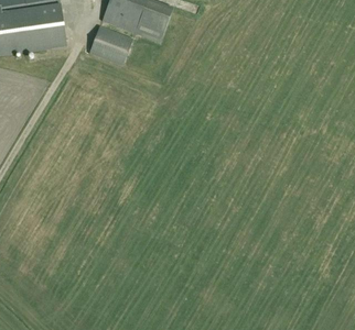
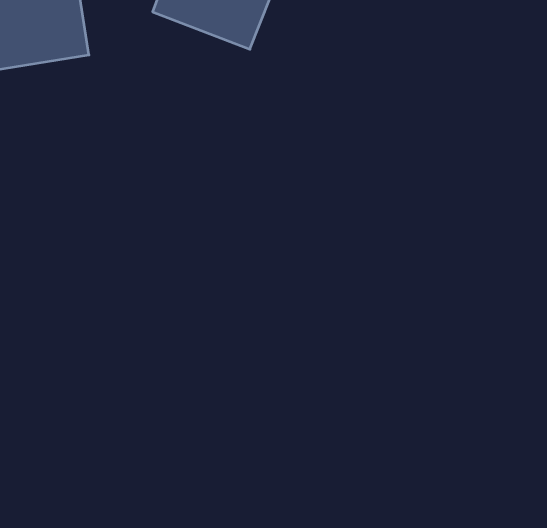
building: [88,26,133,67] -> none

